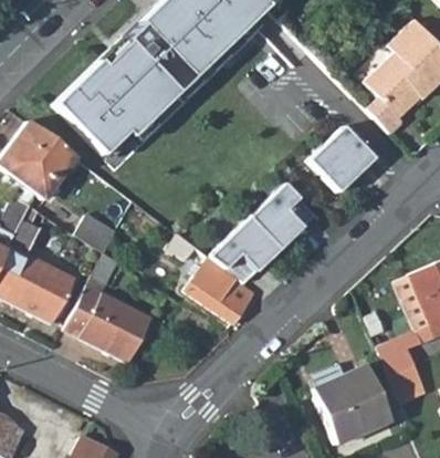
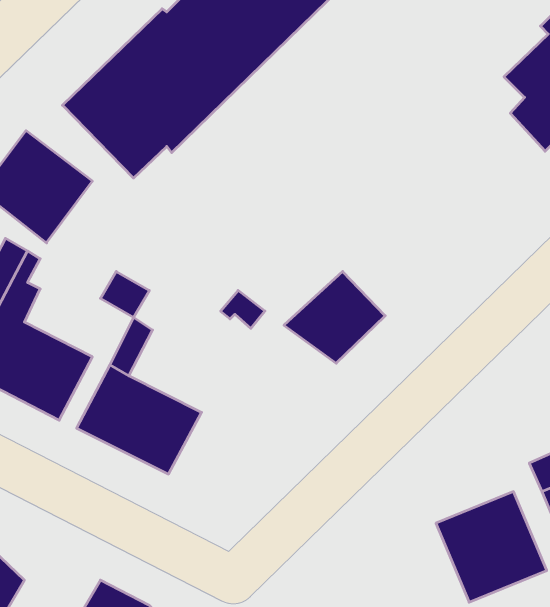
building: [311,127,376,192] -> none
building: [251,185,316,250] -> none
building: [185,256,256,320] -> none

